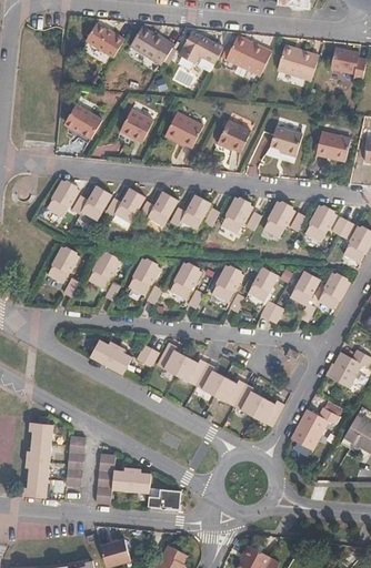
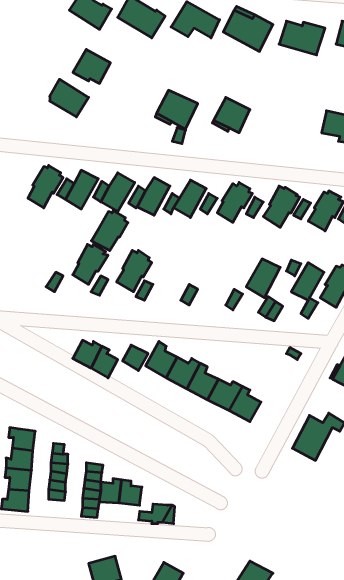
building: [120,109,154,140] -> [73,49,110,83]
building: [270,125,302,156] -> none
building: [47,245,80,282] -> [91,210,128,251]
building: [168,263,200,300] -> none
building: [210,266,242,303] -> none
building: [250,397,281,426] -> none

